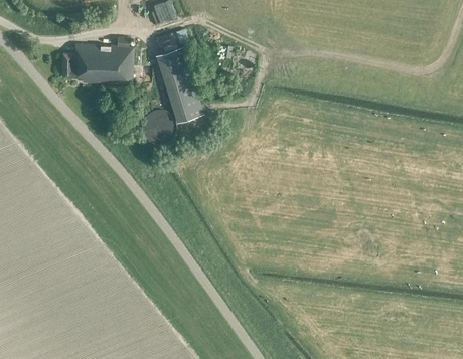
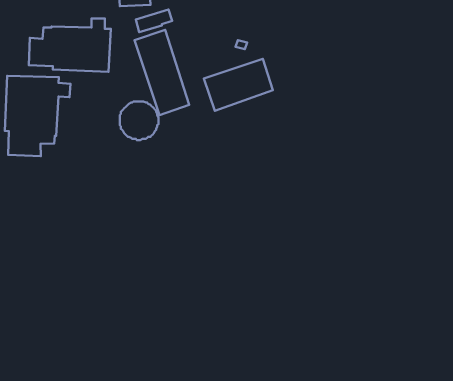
building: none -> [204,59,273,111]
building: none -> [5,76,71,156]

